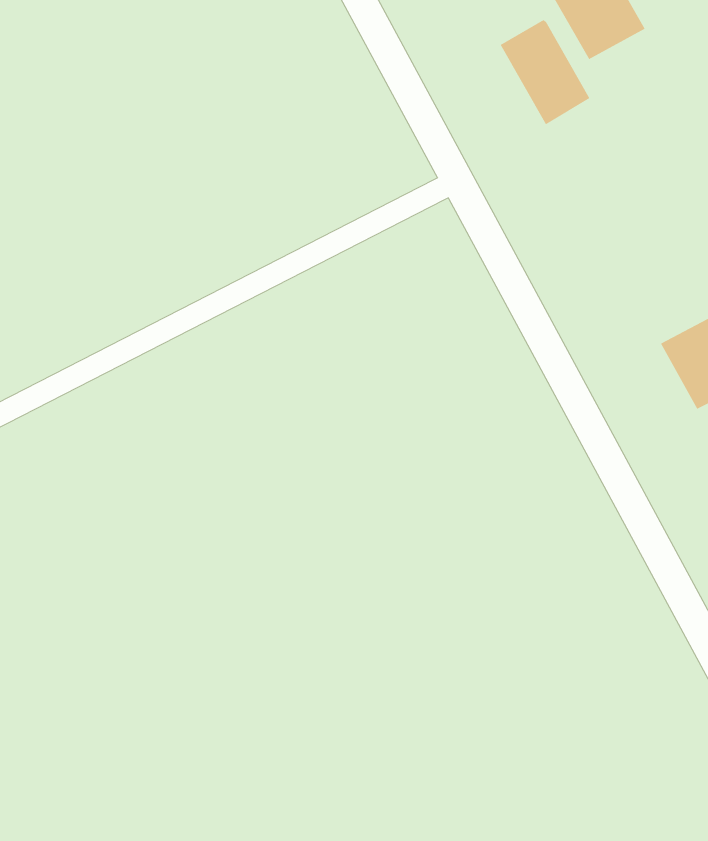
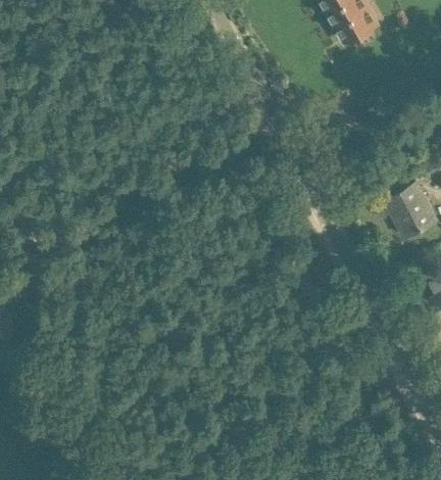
building: [500,19,590,125] -> none

